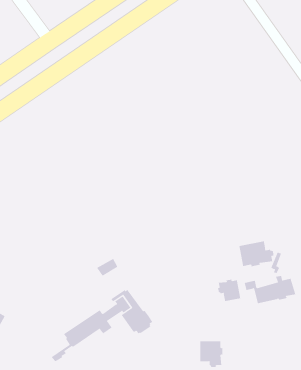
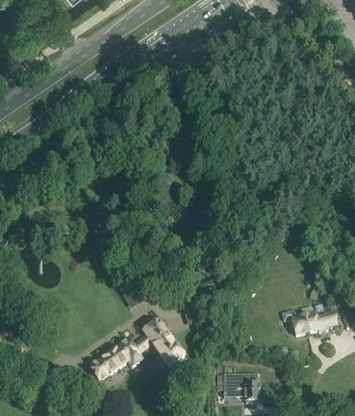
building: [239,241,274,267] -> none
building: [218,279,241,302] -> none

